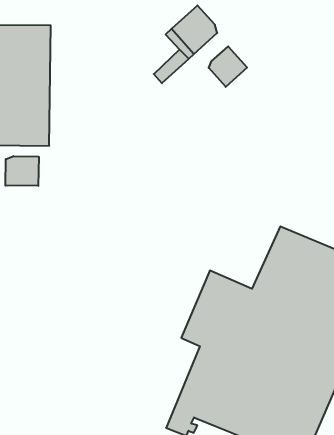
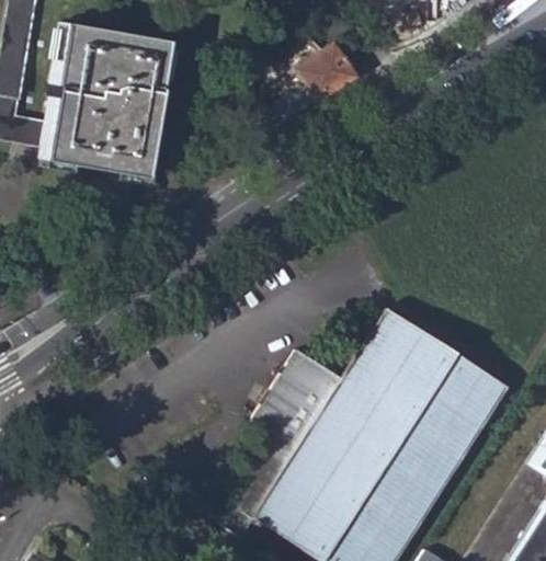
building: [209,46,247,87] -> none
building: [5,156,39,186] -> none

